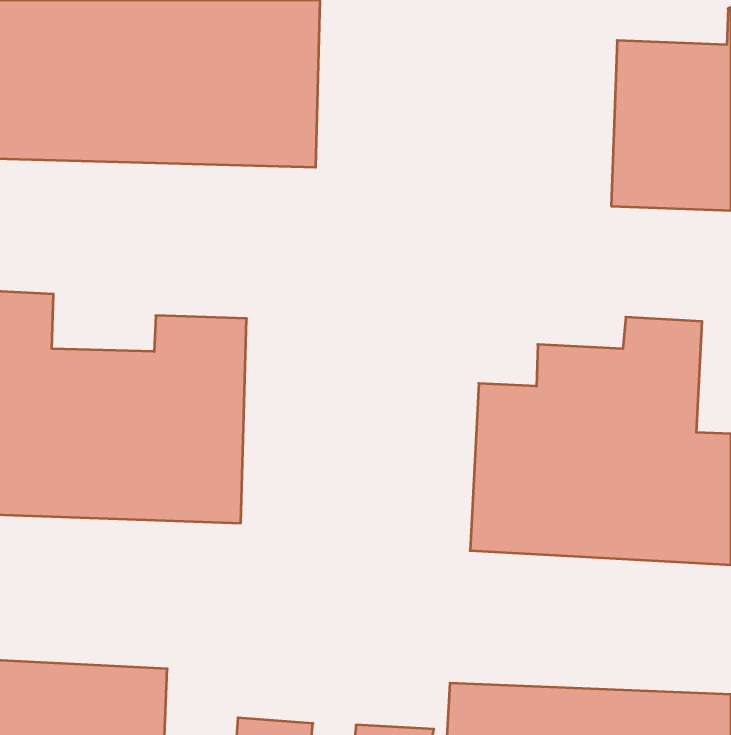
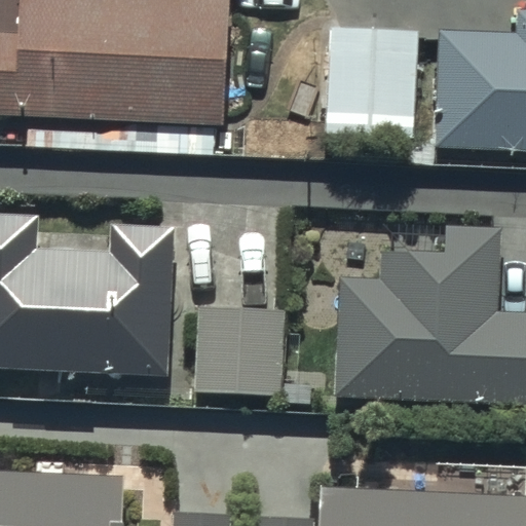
building: none -> [330,24,417,137]
building: none -> [196,305,284,392]

